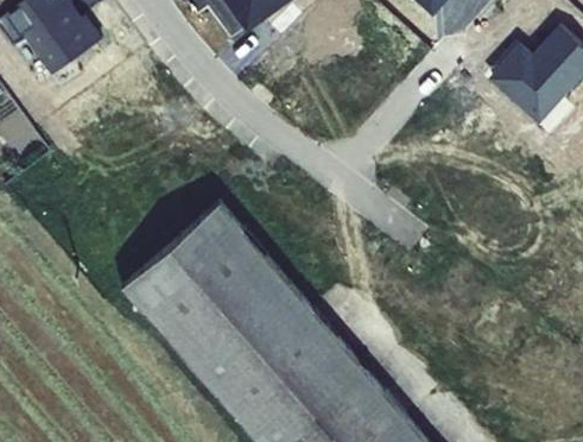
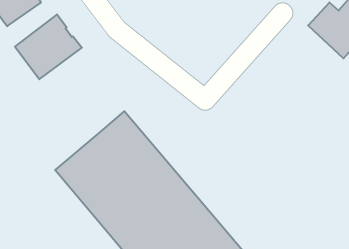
building: none -> [15,14,82,79]

